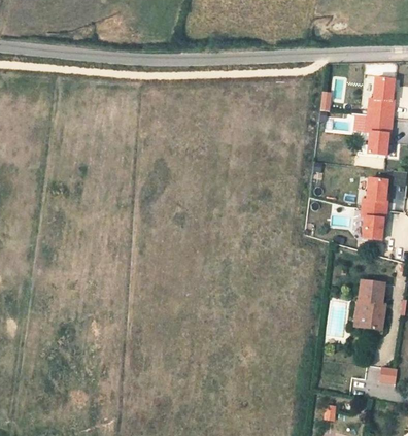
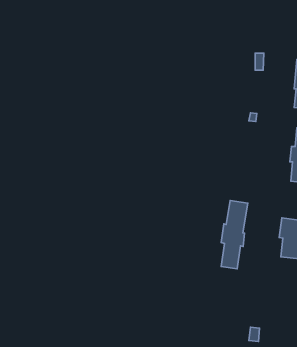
building: none -> [221,201,248,269]

